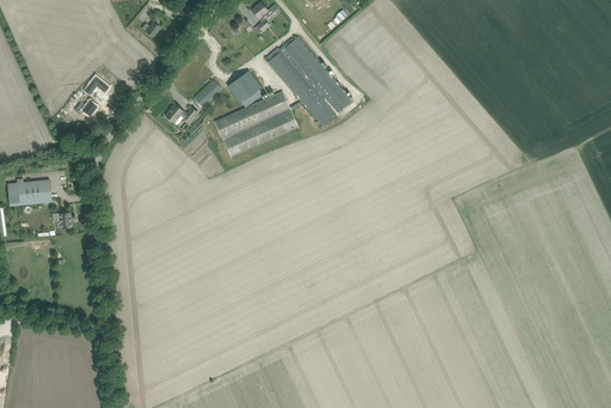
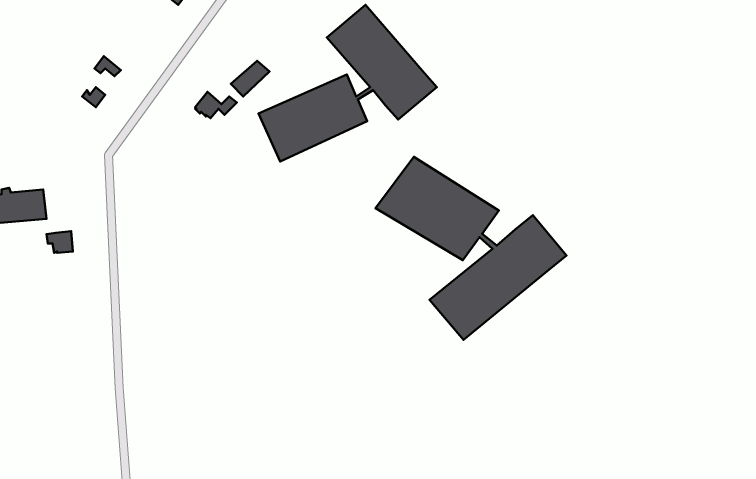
building: [226,69,261,103] -> none
building: none -> [376,157,567,340]

